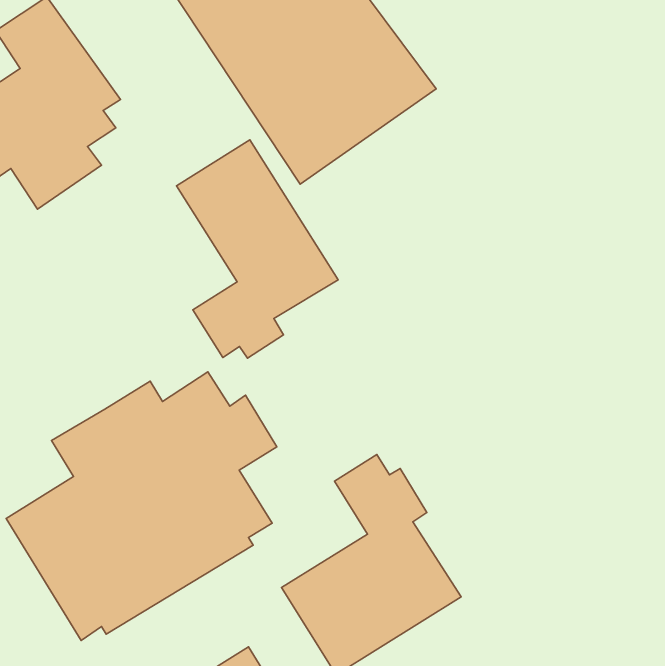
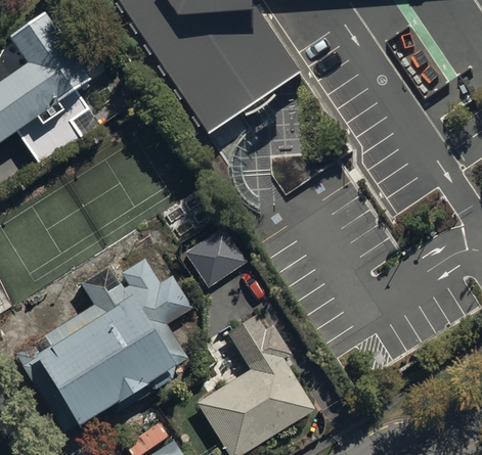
building: [177,140,338,358] -> none
building: none -> [186,231,245,288]

